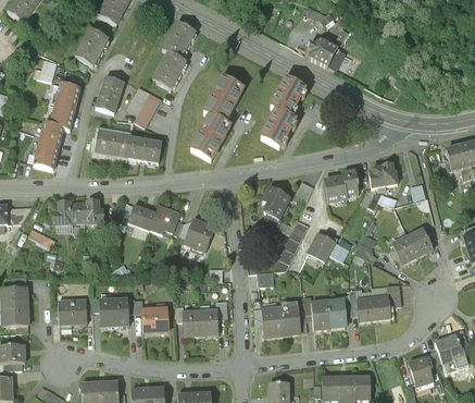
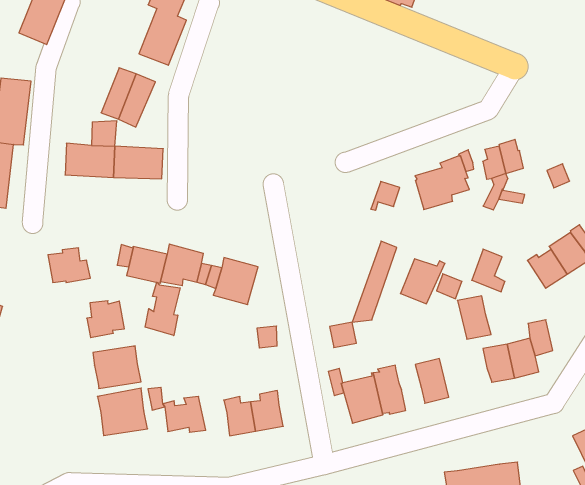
building: [95,74,124,112] -> none
building: [189,76,242,159] -> none
building: [261,76,303,146] -> none
building: [262,186,289,225] -> none
building: [54,202,78,224] -> [87,301,124,338]
building: none -> [145,282,180,336]
building: [58,300,87,325] -> [93,346,141,388]
building: [326,300,346,327] -> [457,296,491,339]

